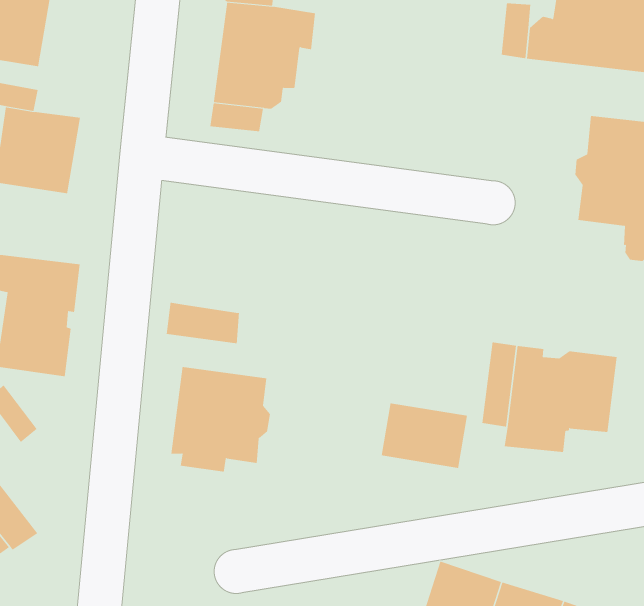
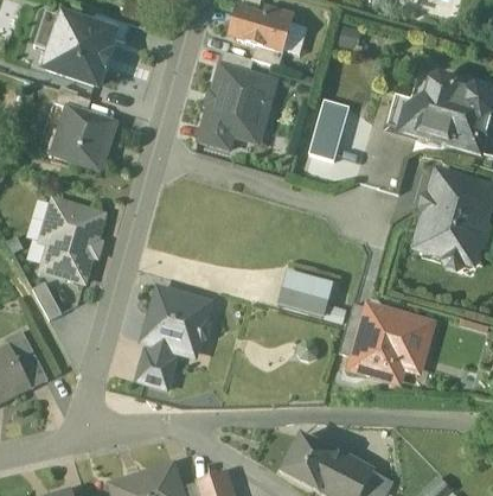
building: none -> [309,98,350,160]
building: [166,302,240,344] -> none
building: [381,403,468,468] -> [275,268,333,316]
building: none -> [136,350,175,389]

